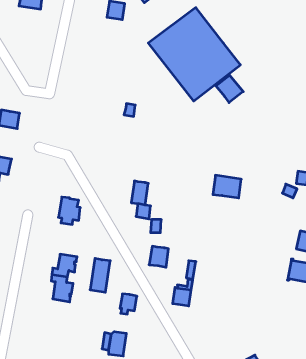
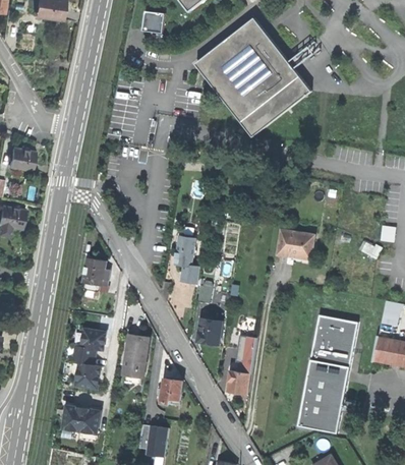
building: [216,75,243,103] -> none
building: none -> [297,315,357,432]
building: none -> [61,405,100,441]

